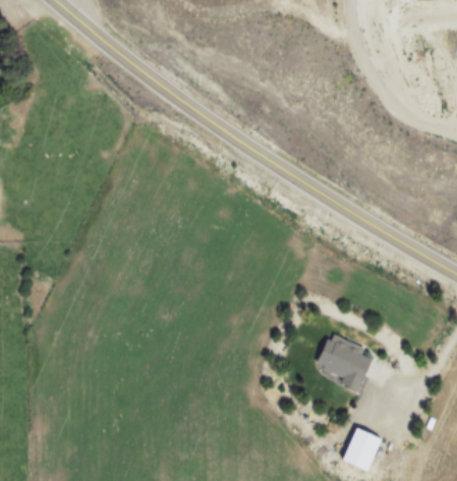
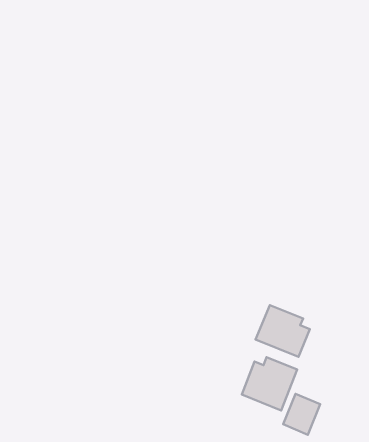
building: none -> [242,357,297,410]

